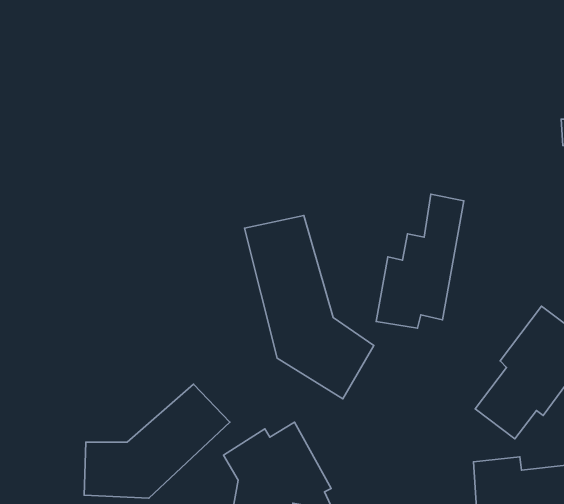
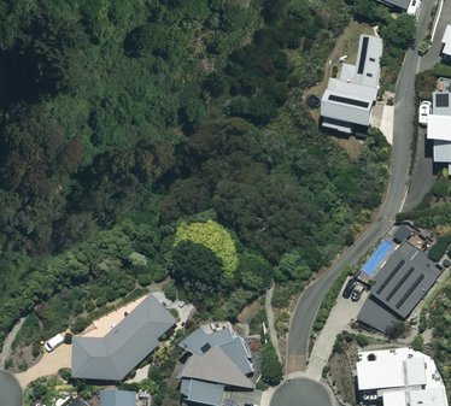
building: [376,194,464,328] -> [321,34,385,131]
building: [244,216,374,399] -> none

